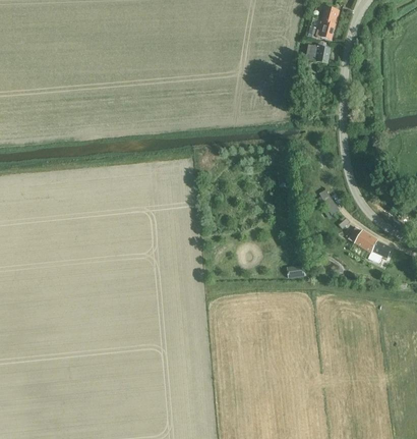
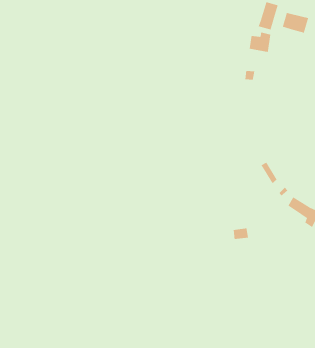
building: none -> [282,12,309,34]

